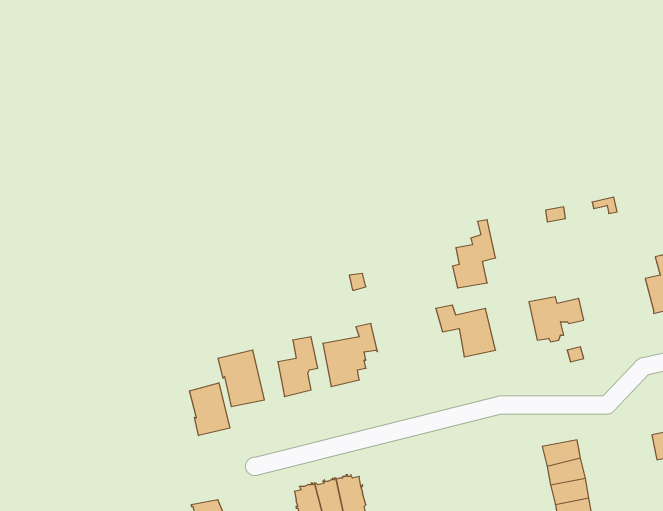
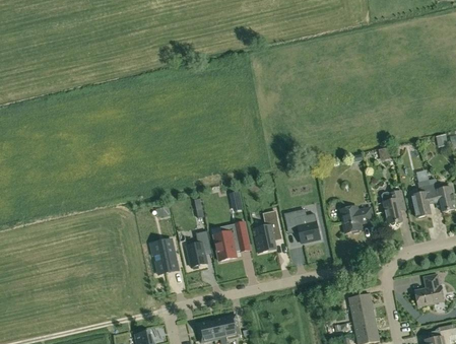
building: [452,220,496,288] -> [255,210,281,252]
building: none -> [382,190,405,225]
building: [190,383,230,436] -> none

